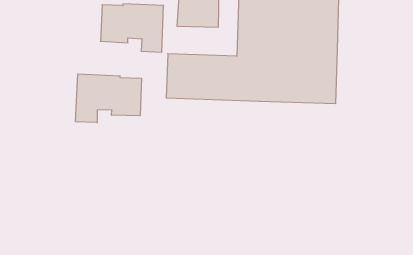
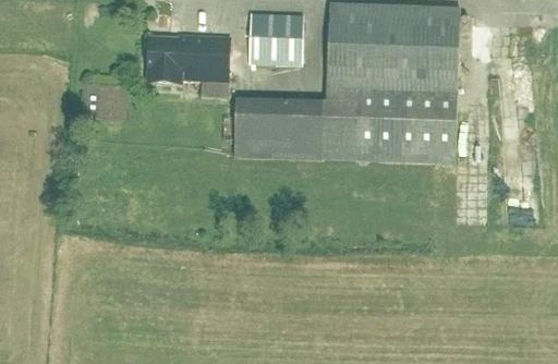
building: [76,74,141,123] -> none

